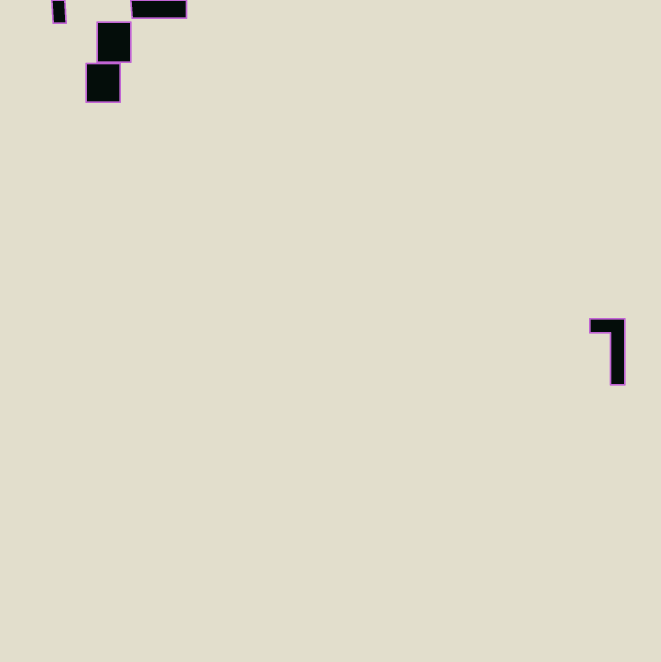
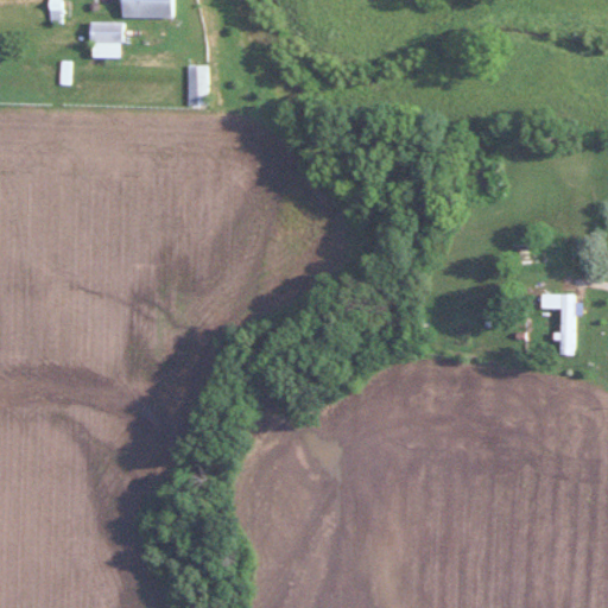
building: [86,63,120,102] -> none
building: none -> [188,64,207,104]

